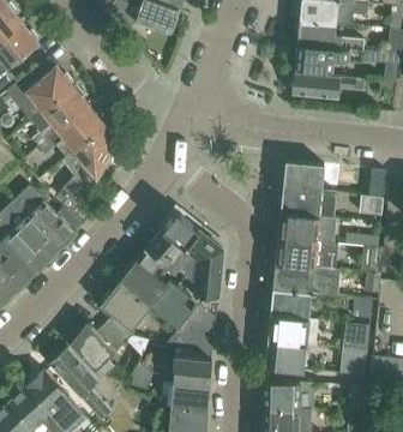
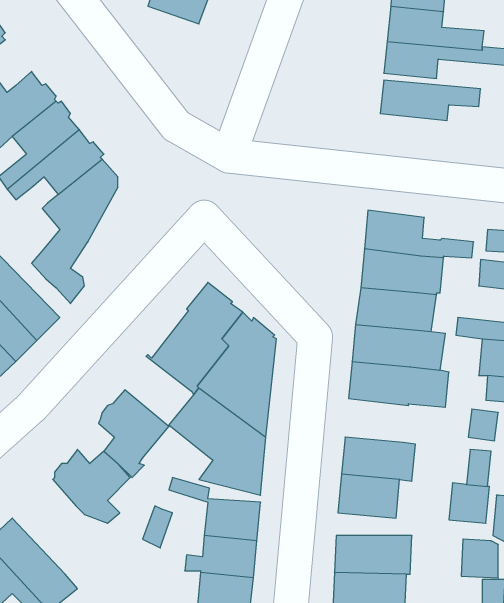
building: [120,260,167,307] -> none
building: [270,289,313,319] -> none
building: [50,348,113,420] -> none

